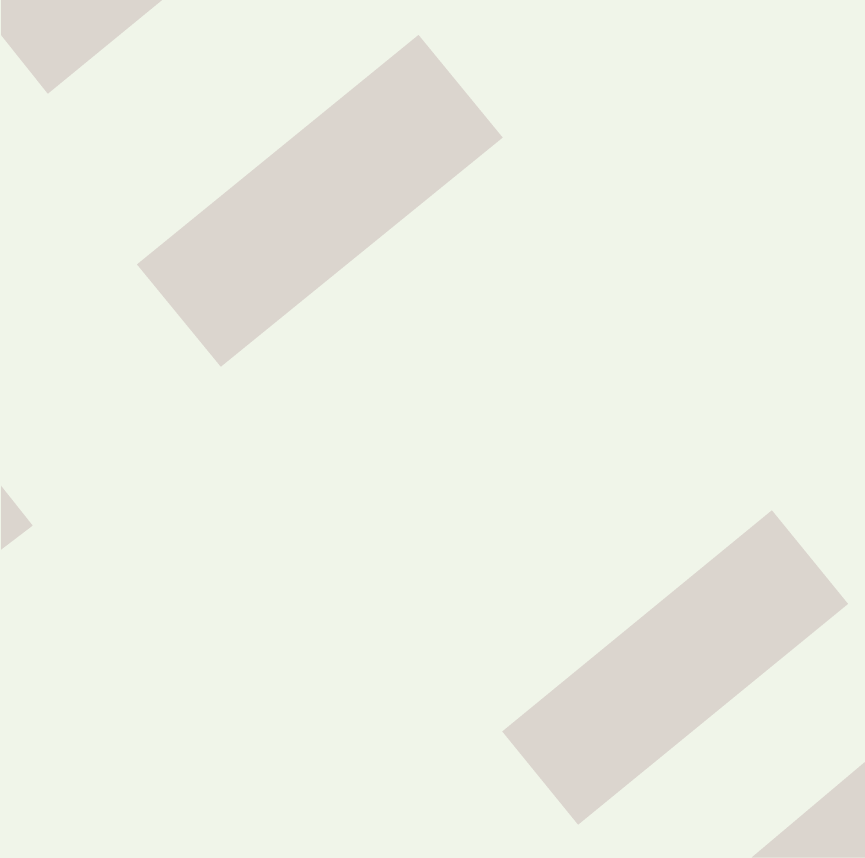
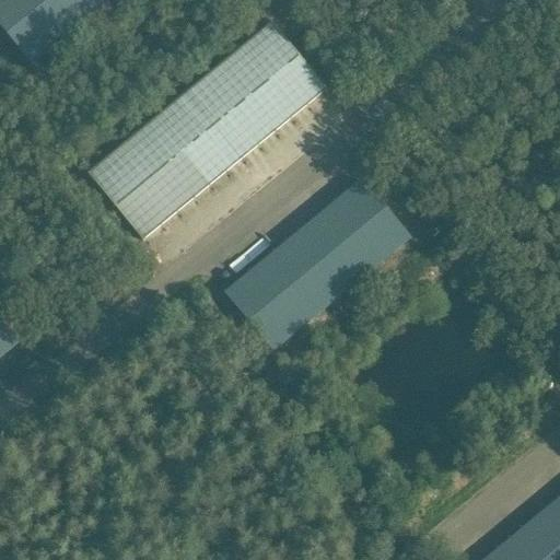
building: none -> [224,176,412,349]
building: [501,509,849,826] -> none

